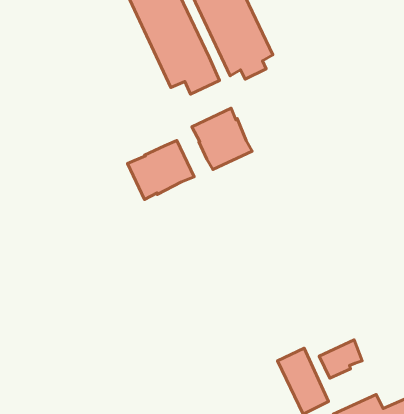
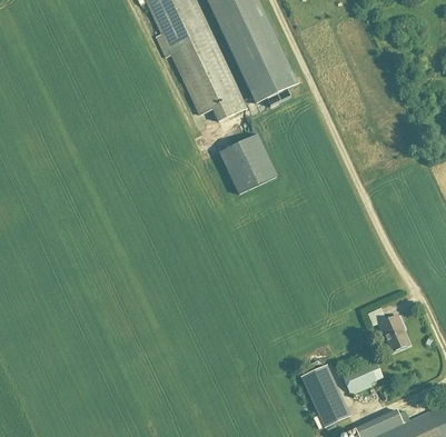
building: [127,141,194,200] -> none
building: none -> [379,314,409,350]

